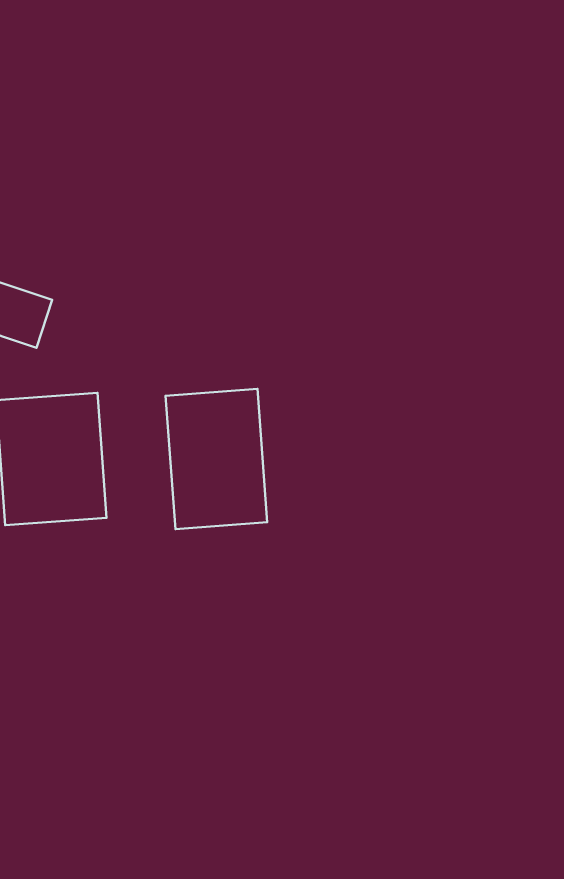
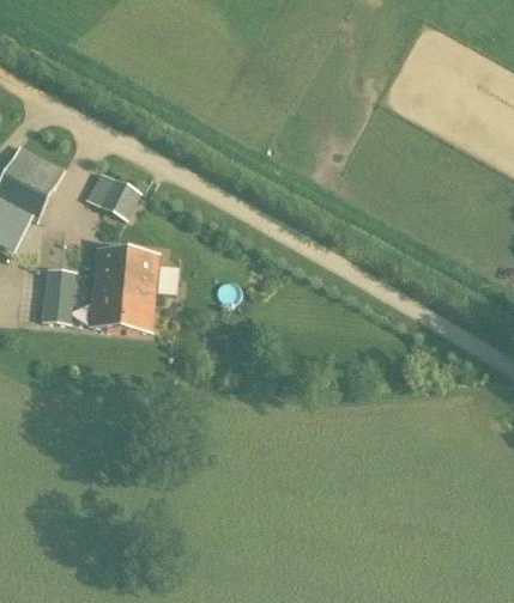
building: [166,389,267,529] -> none

